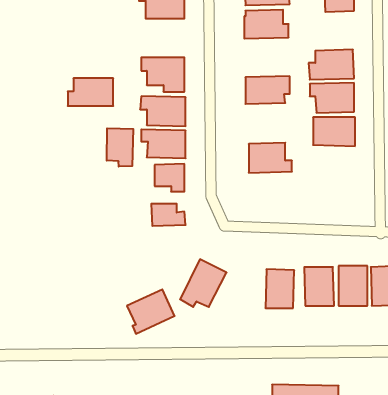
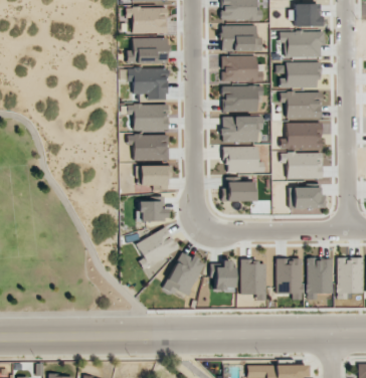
building: none -> [281,31,326,57]
building: none -> [223,55,264,81]
building: [68,78,113,106] -> [128,38,169,63]
building: none -> [223,116,263,142]
building: [107,128,133,167] -> none
building: none -> [282,152,323,179]
building: none -> [227,181,257,201]
building: none -> [294,187,324,208]
building: none -> [215,260,236,292]
building: [127,289,175,334] -> [136,227,179,267]

